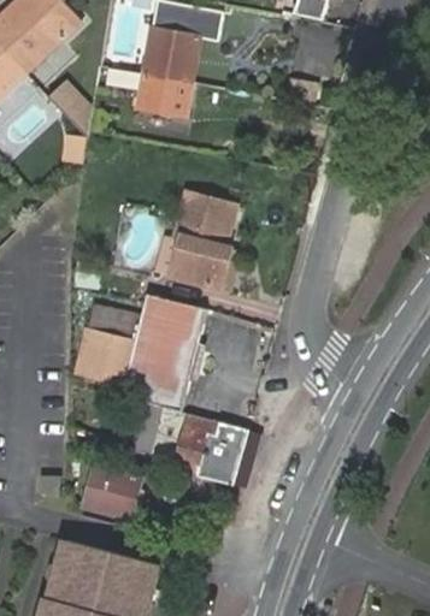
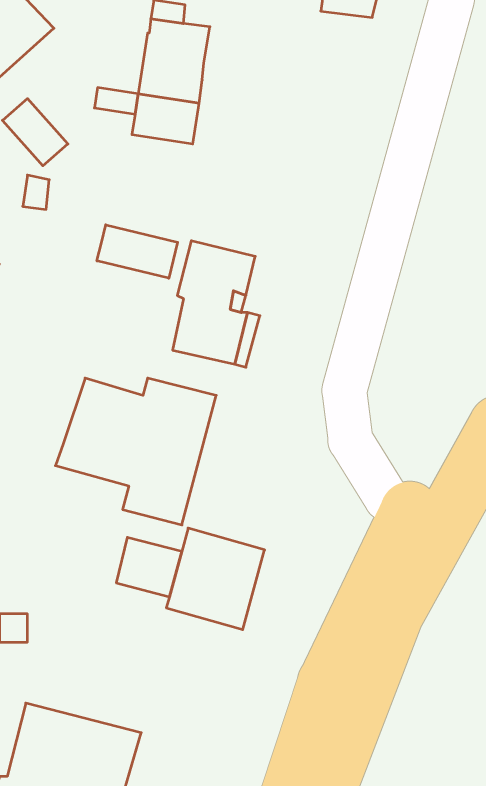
building: none -> [97,225,178,278]
building: [88,467,145,520] -> none

